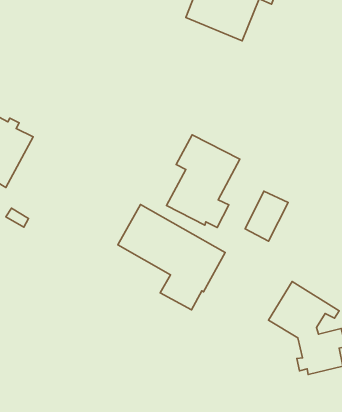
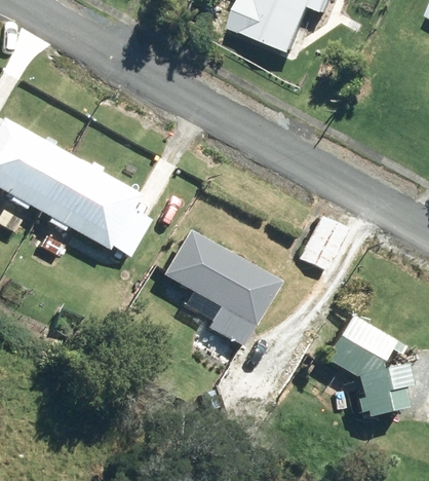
building: [167,135,240,227] -> none
building: none -> [40,156,152,256]

